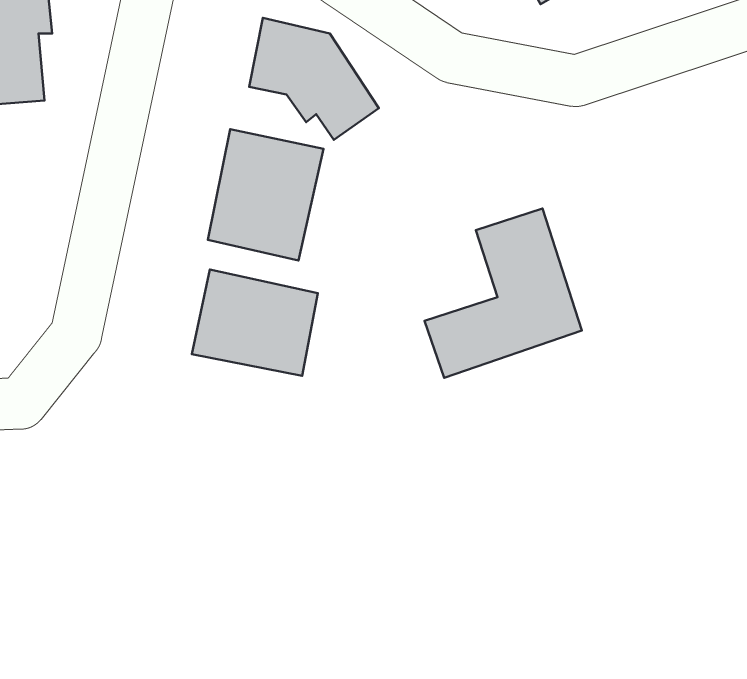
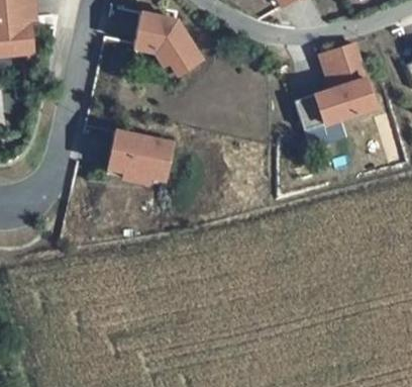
building: [208,129,323,260] -> none
building: [425,209,582,378] -> [296,42,377,129]

